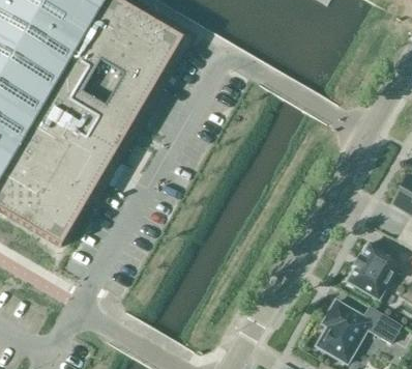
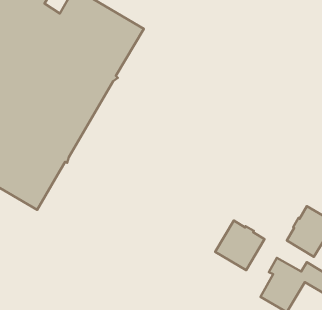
building: none -> [215,221,264,270]

